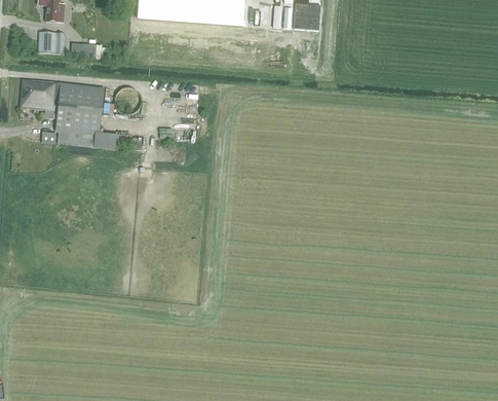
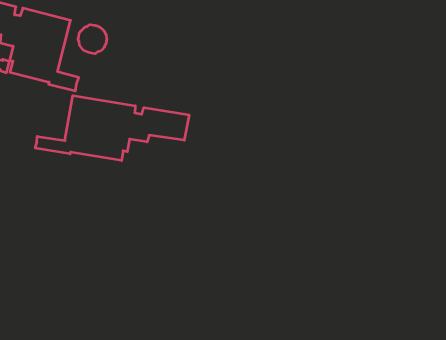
building: none -> [35,96,189,161]

